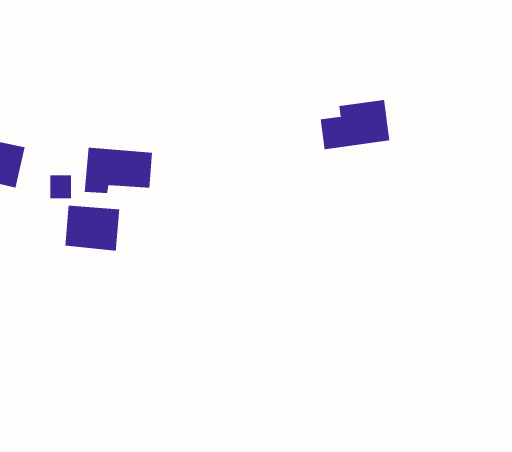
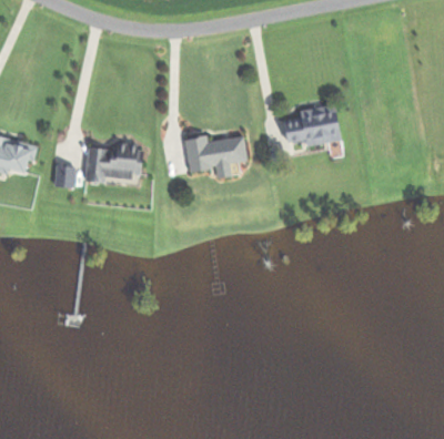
building: none -> [185,134,248,178]
building: [65,205,120,252] -> none

